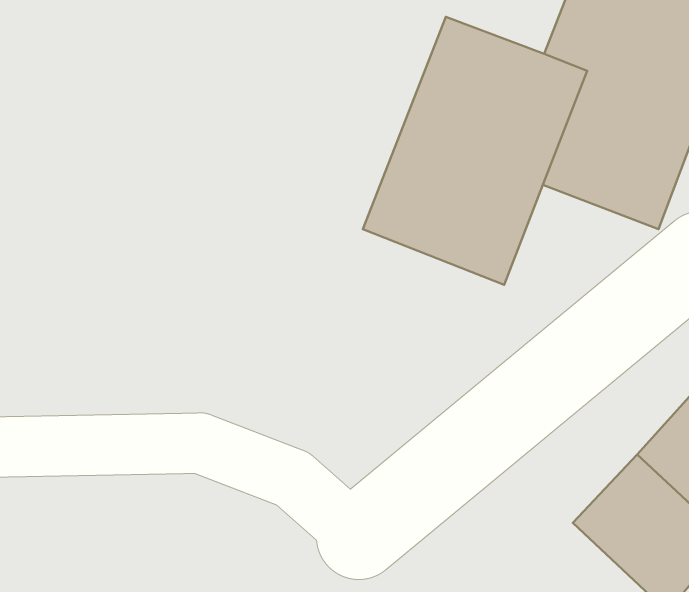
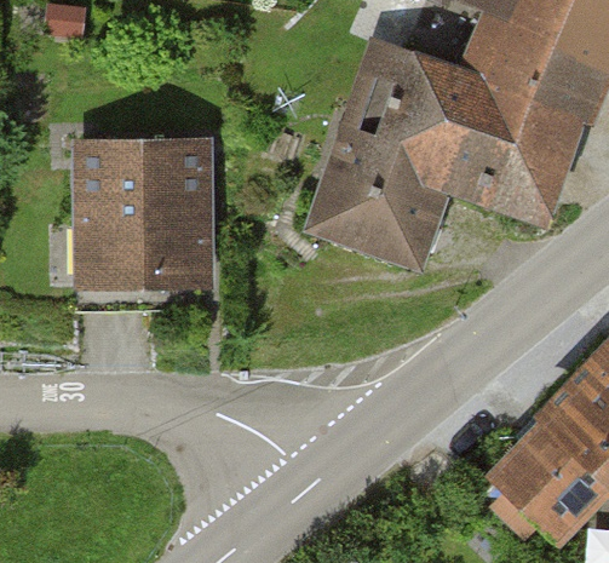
building: none -> [73,144,199,312]

